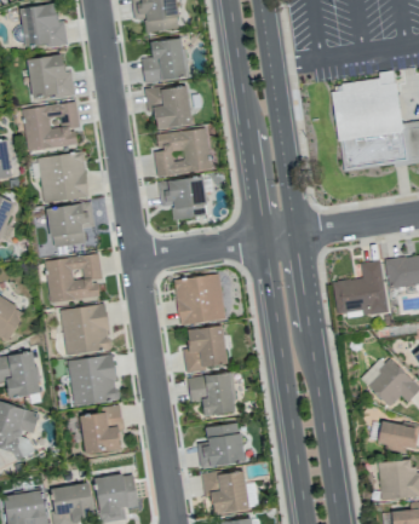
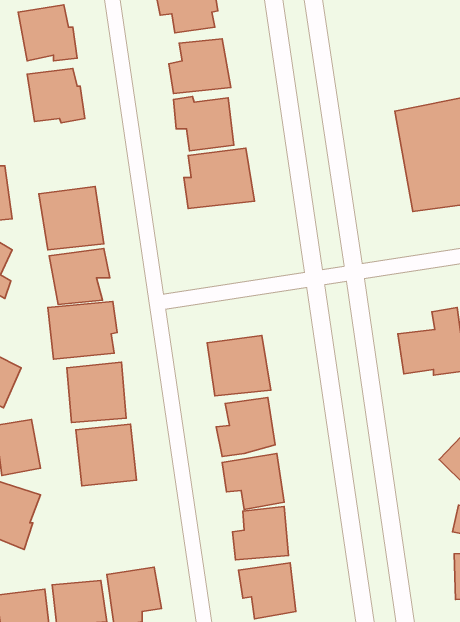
building: [21,110,80,160] -> none
building: [160,177,214,221] -> none
building: [79,404,122,454] -> none

